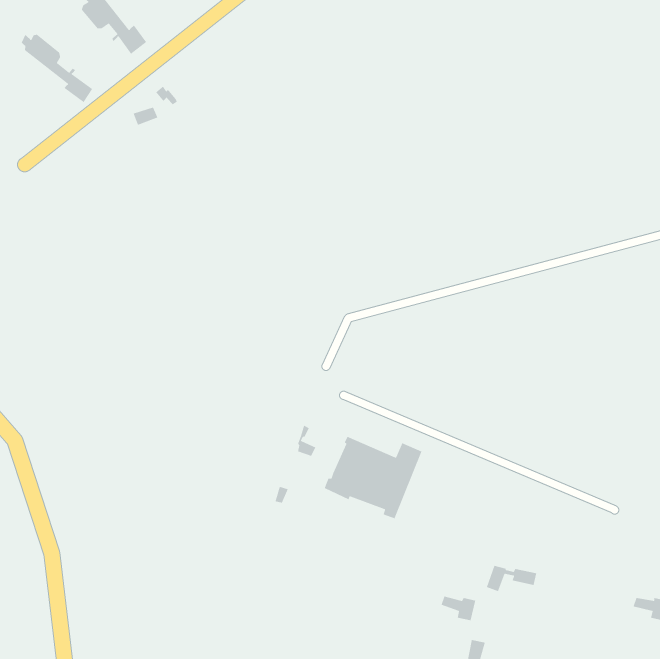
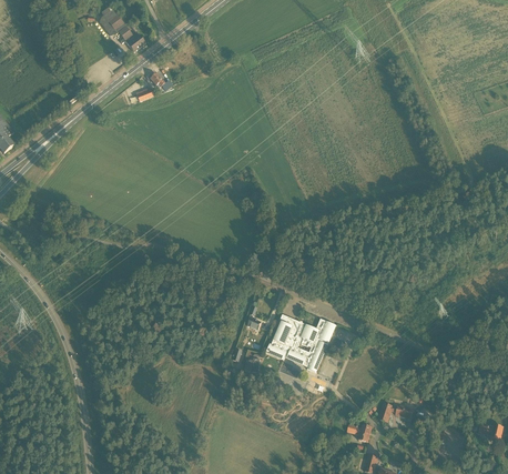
building: [21,34,93,103] -> none

